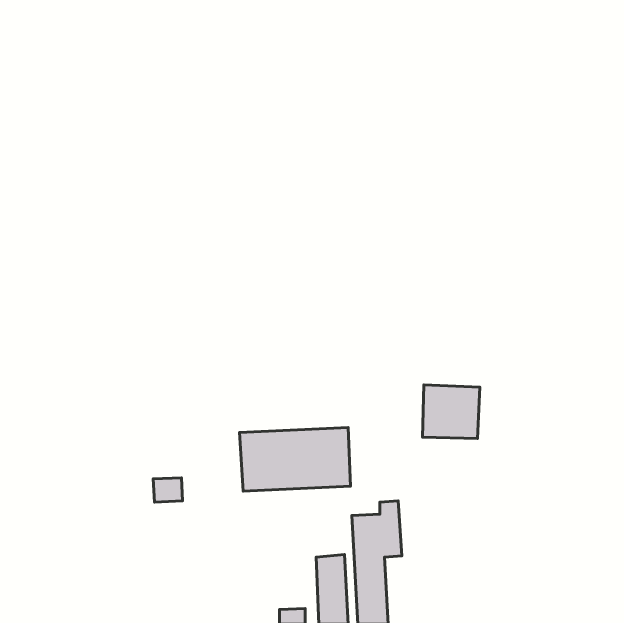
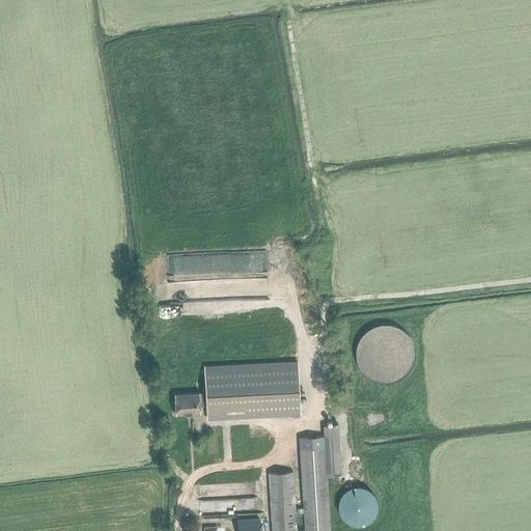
building: [153,478,183,502] -> [174,394,199,415]
building: none -> [340,486,374,523]

